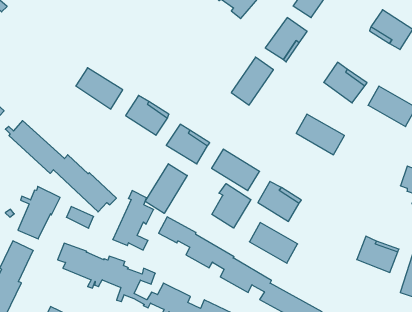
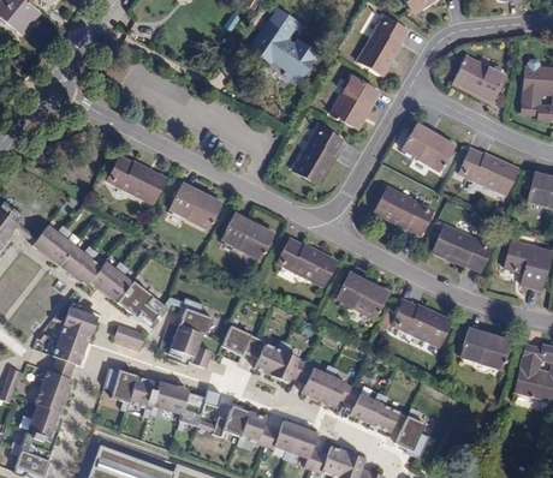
building: none -> [433,227,490,271]
building: [145,164,187,213] -> none
building: [212,184,251,228] -> none
building: [249,223,298,263] -> [392,300,450,346]

